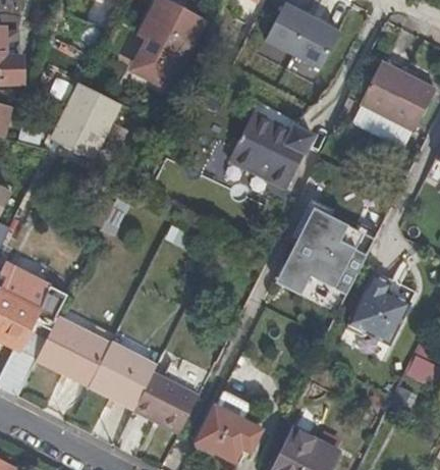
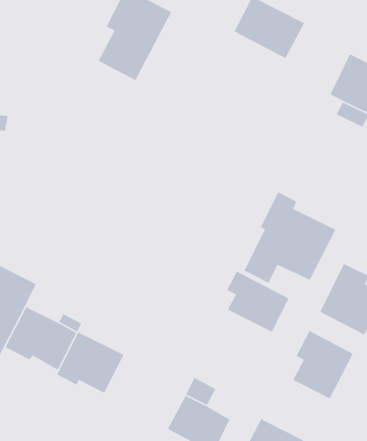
building: [53,81,119,154] -> none
building: [227,112,313,188] -> none
building: none -> [226,270,290,333]
building: none -> [292,330,354,400]
building: [133,374,198,432] -> none

